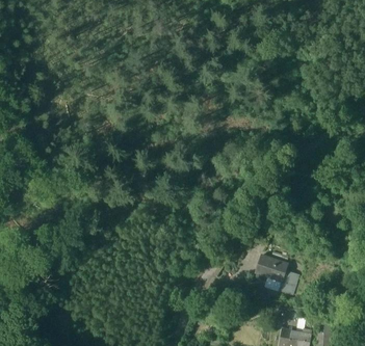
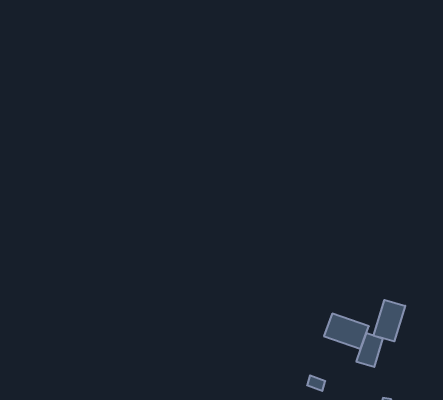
building: none -> [373,300,405,341]

